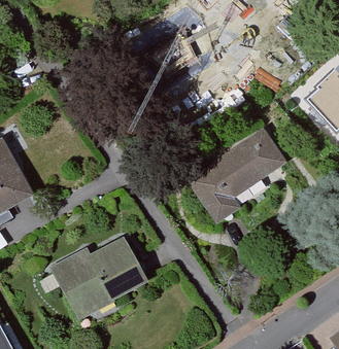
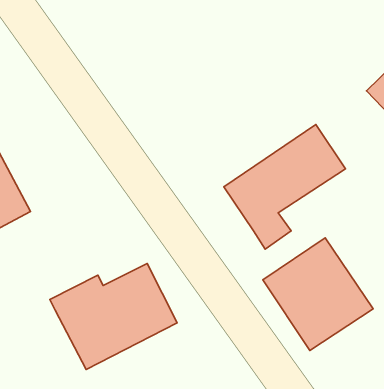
building: none -> [263,238,373,351]

